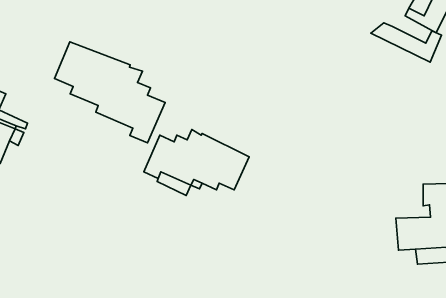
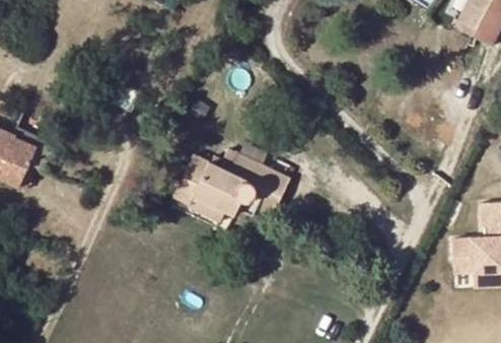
building: [371,23,441,62] -> none
building: [55,42,165,143] -> none

